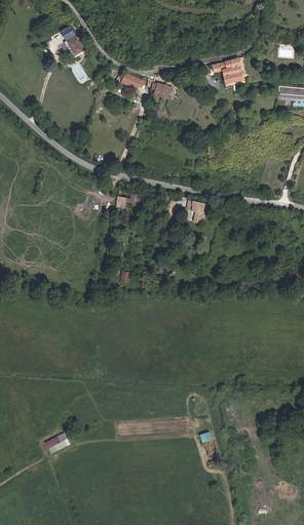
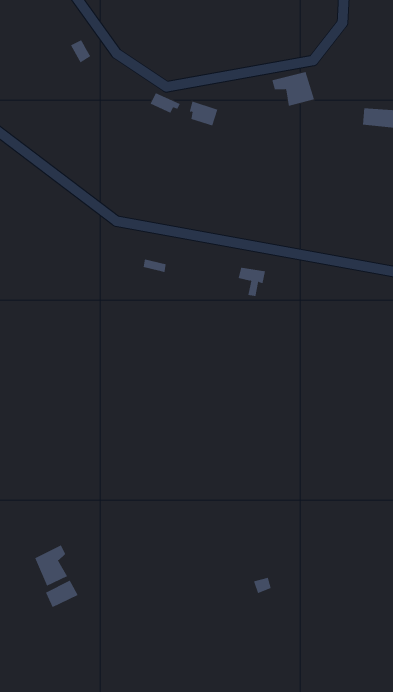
building: none -> [34,544,68,586]

